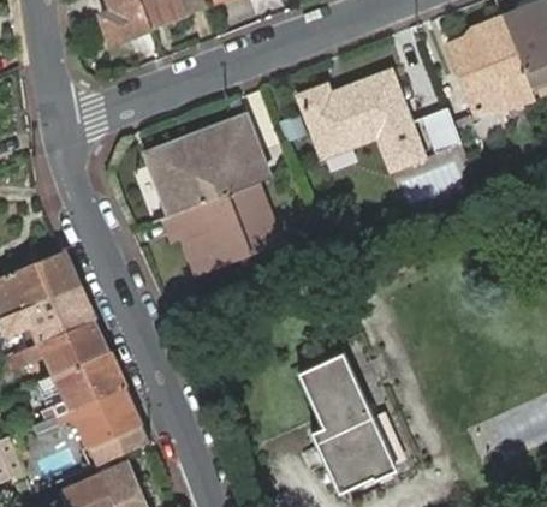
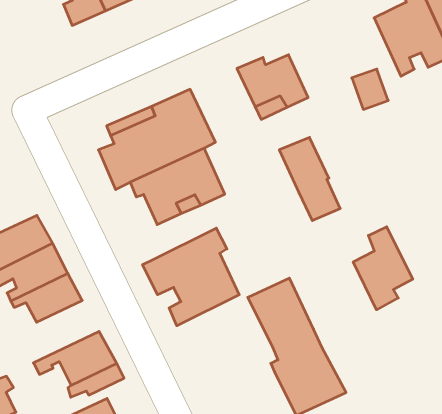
building: [353,73,418,167] -> [279,137,340,221]
building: none -> [143,228,239,326]
building: none -> [353,227,413,310]
building: [38,348,123,416] -> none

